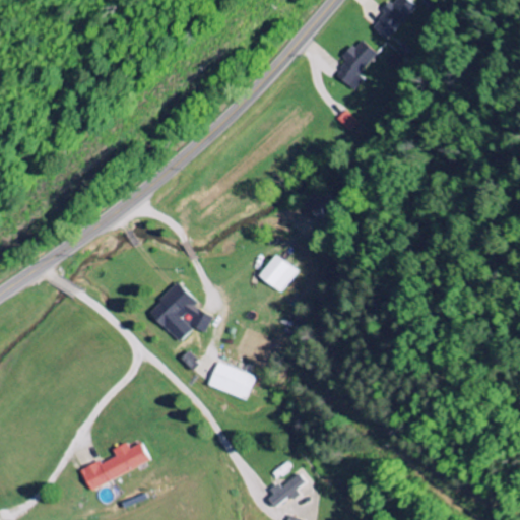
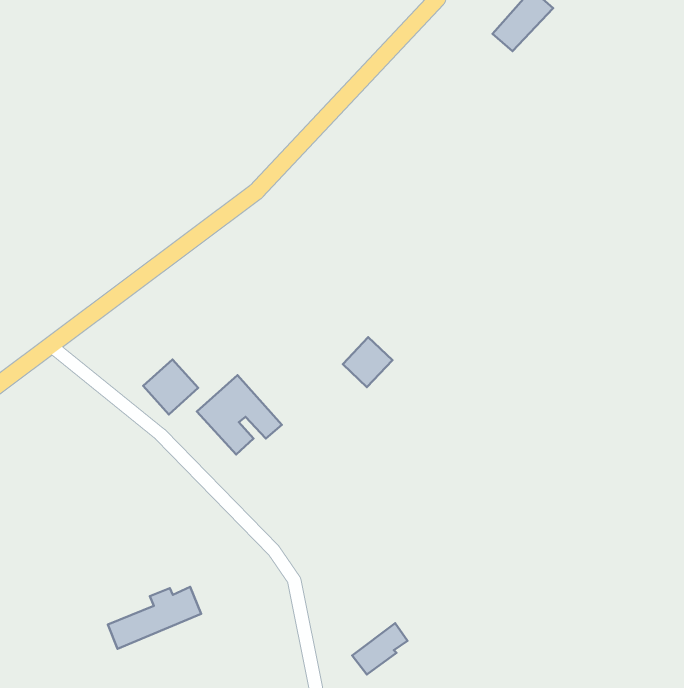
building: [335,38,377,89] -> none
building: none -> [143,359,198,414]
building: [210,362,256,399] -> none

